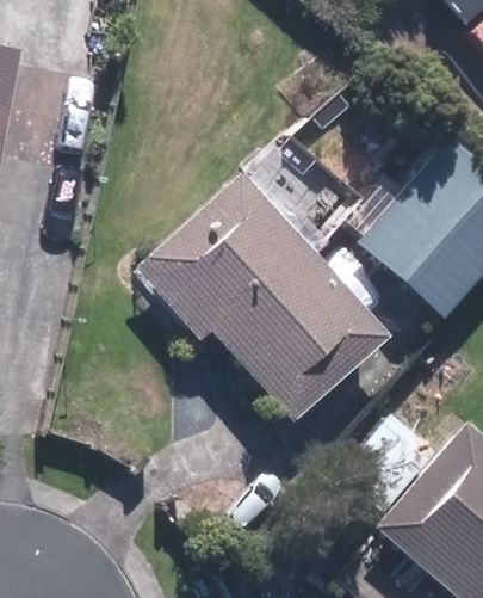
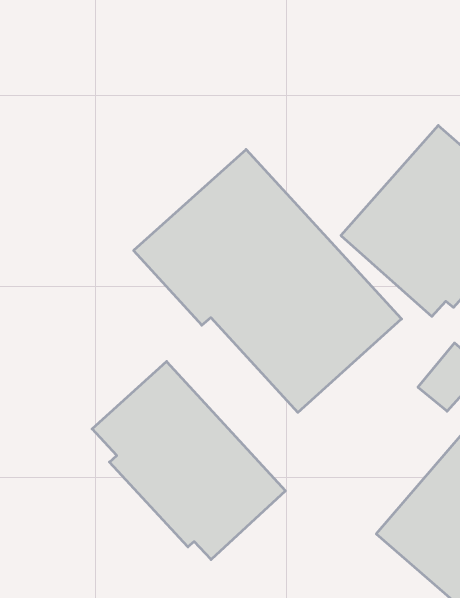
building: none -> [92,361,285,560]

